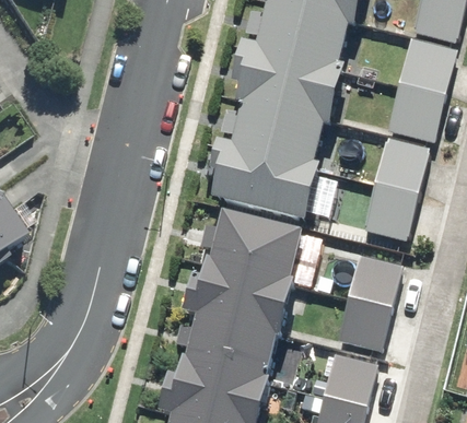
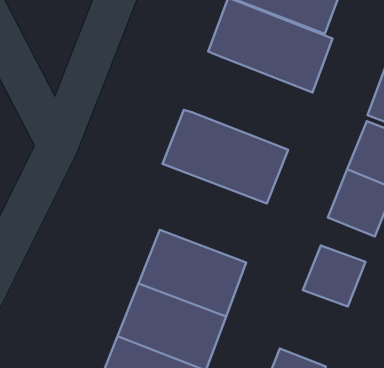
building: [222,95,318,167] -> none
building: [212,208,306,279] -> none
building: [339,297,392,351] -> none

